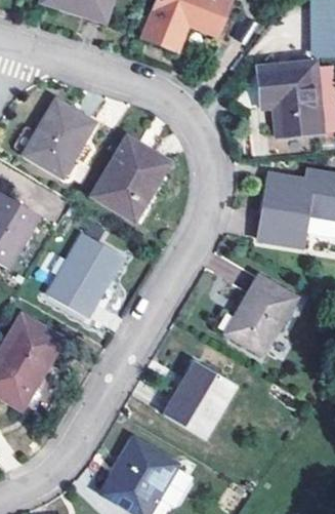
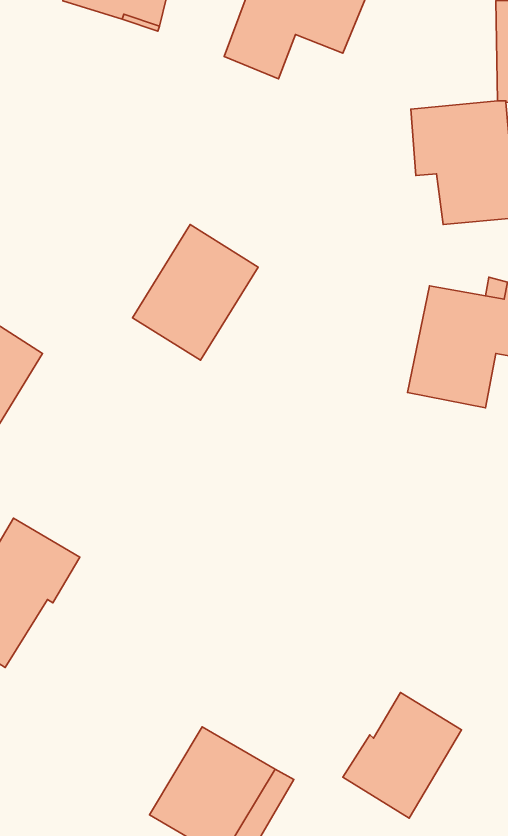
building: [24,100,93,175] -> none
building: [45,232,121,316] -> none
building: [224,277,295,356] -> none
building: [163,364,235,440] -> [343,692,462,818]

